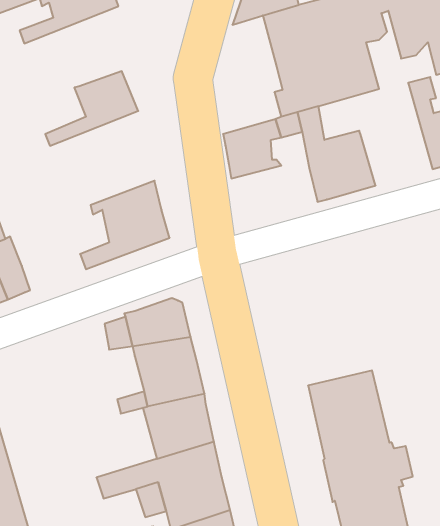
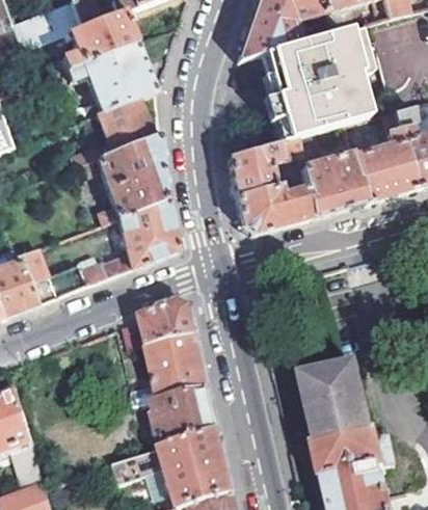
building: none -> [55,42,151,113]
building: none -> [347,110,411,202]
building: none -> [78,133,163,222]
building: none -> [232,184,309,233]
building: none -> [45,261,102,295]

